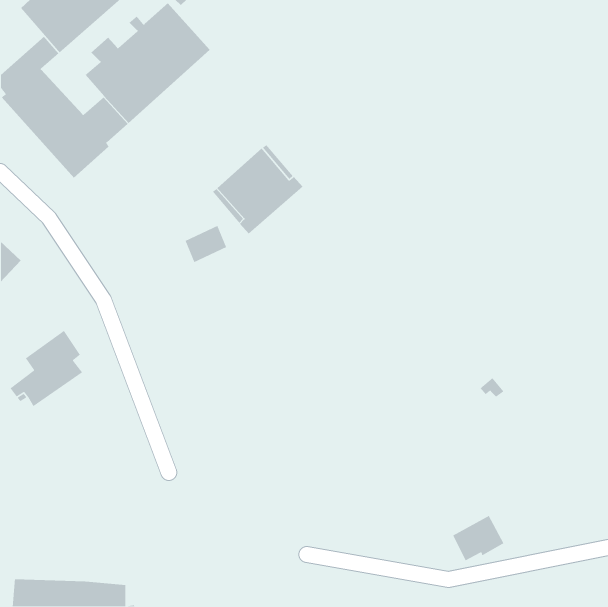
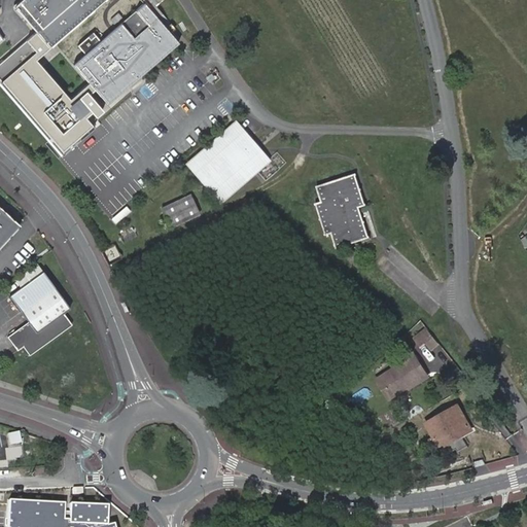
building: none -> [315,171,368,246]
building: none -> [10,271,56,310]
building: none -> [373,351,424,401]
building: [452,515,505,561] -> [426,407,471,447]

